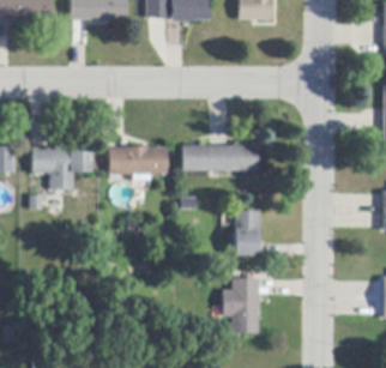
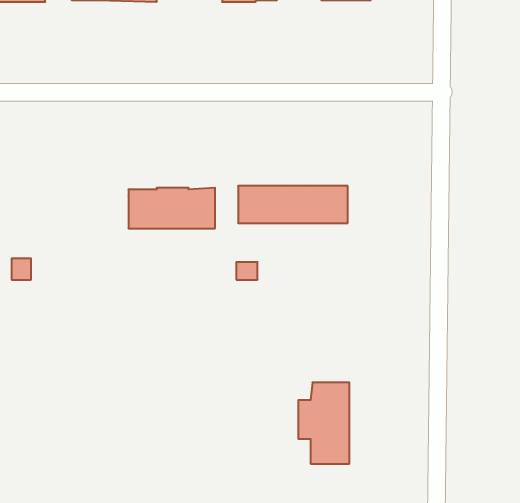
building: [32,146,92,189] -> none
building: [235,210,260,255] -> none

